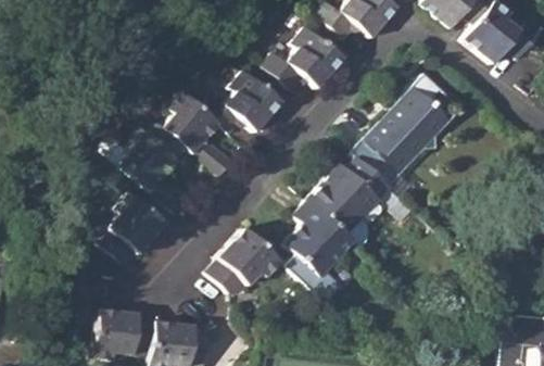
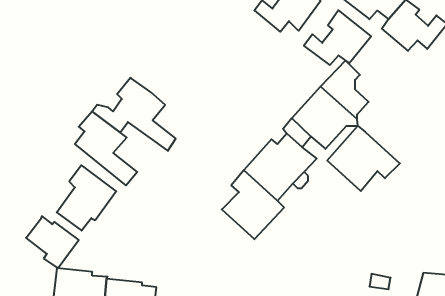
building: [268,27,344,89] -> [304,10,371,65]
building: [204,72,280,132] -> none
building: none -> [327,126,400,191]
building: [207,227,280,292] -> none
building: none -> [26,216,79,268]

